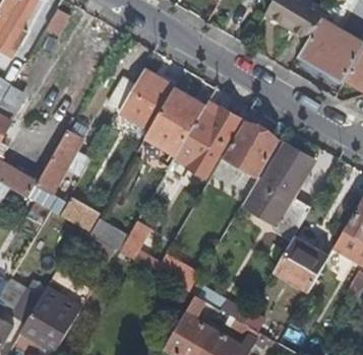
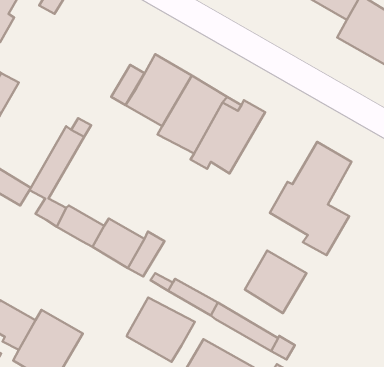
building: [224,122,277,176] -> none
building: [275,237,327,291] -> [245,251,306,313]
building: none -> [127,298,195,362]

